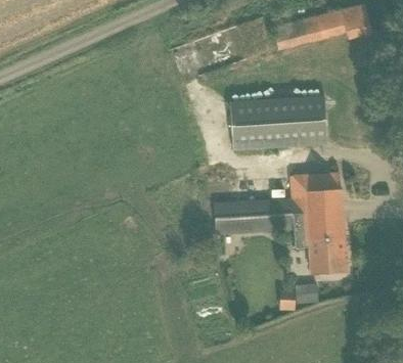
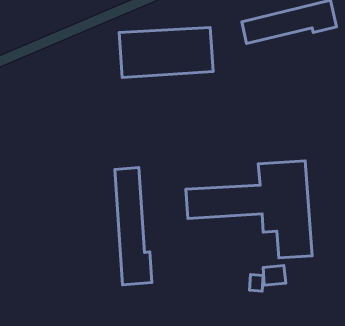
building: [230,97,328,149] -> [119,28,213,77]
building: none -> [115,168,152,285]

